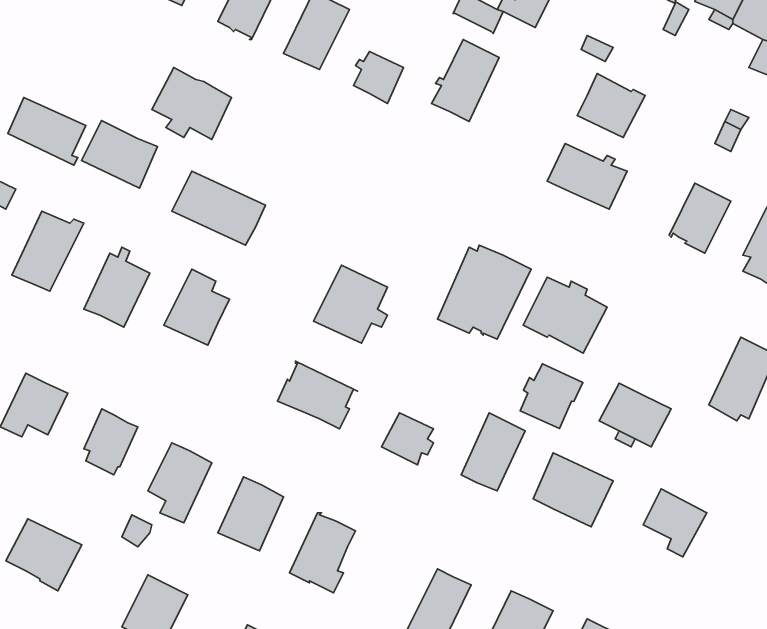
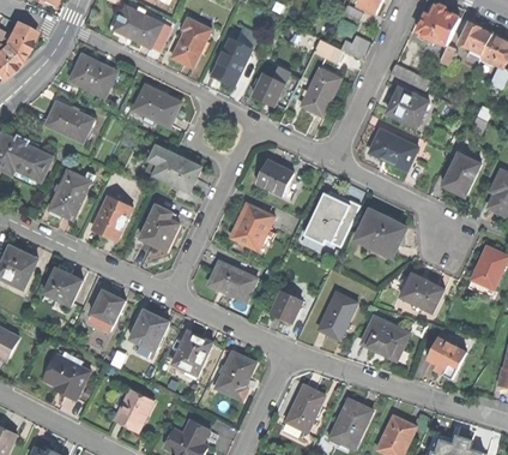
building: [82,120,158,188] -> [69,55,115,96]
building: none -> [255,160,292,198]
building: [520,364,583,429] -> none

